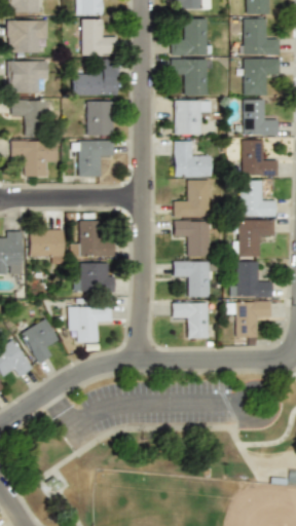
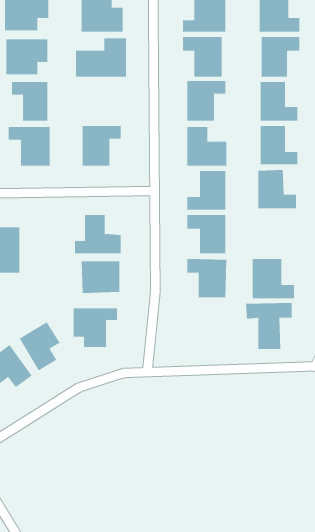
building: [87,101,111,136] -> none
building: [232,220,274,258] -> none
building: [29,230,64,259] -> none
building: [173,303,211,338] -> none

